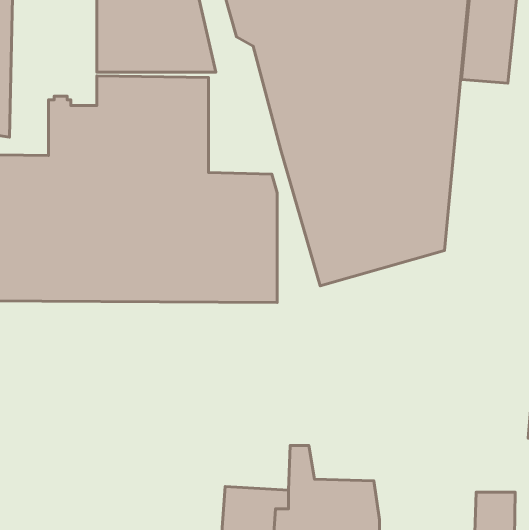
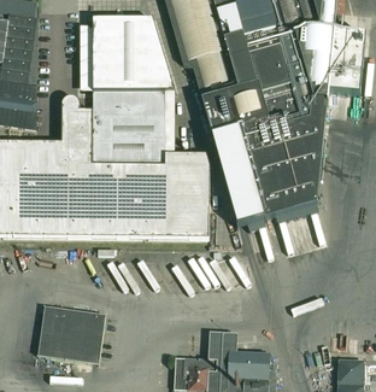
building: none -> [37,305,106,363]

